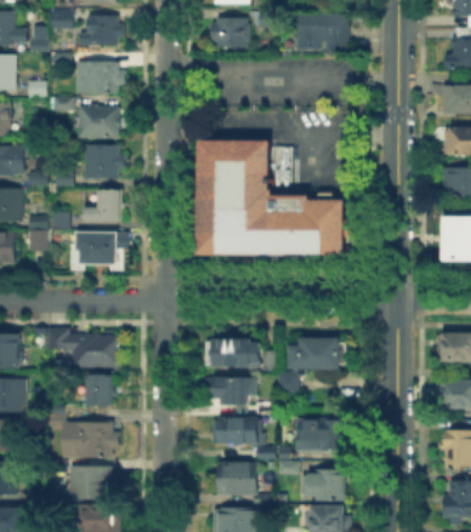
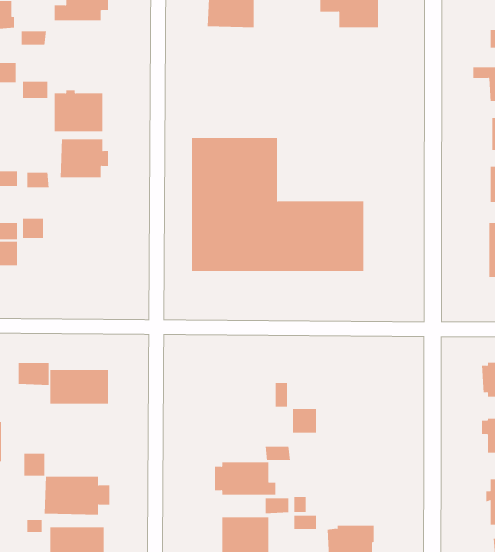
building: [75,61,124,92] -> none
building: [85,188,123,222] -> none
building: [72,230,129,270] -> none
building: [289,336,346,367] -> none
building: [205,338,261,366] -> none
building: [205,373,257,405] -> none
building: [86,381,118,407] -> none
building: [297,417,347,450] -> none

